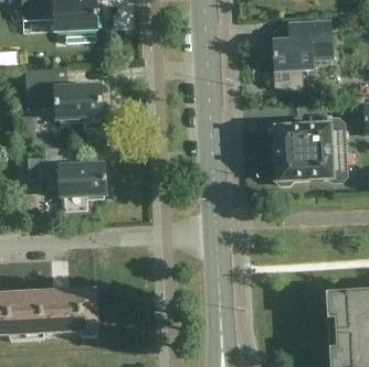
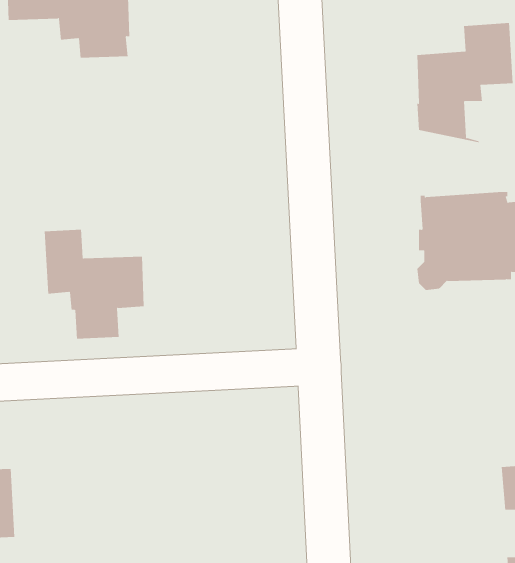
building: [25,66,103,118] -> none
building: [24,288,98,334] -> none

